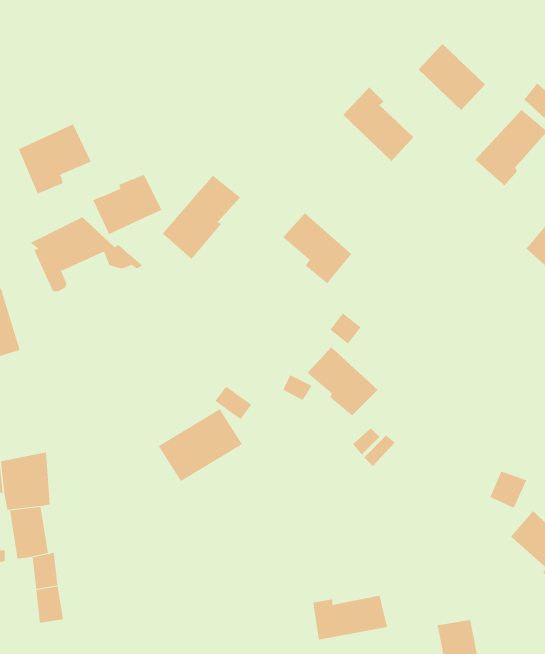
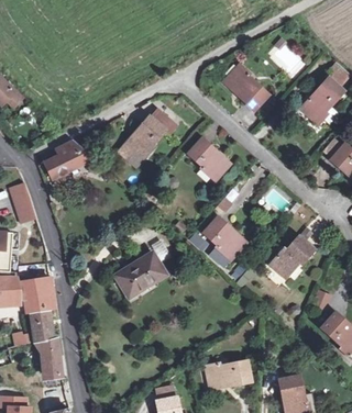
building: [18,124,91,194] -> none
building: [92,174,162,235] -> none
building: none -> [271,236,314,277]

